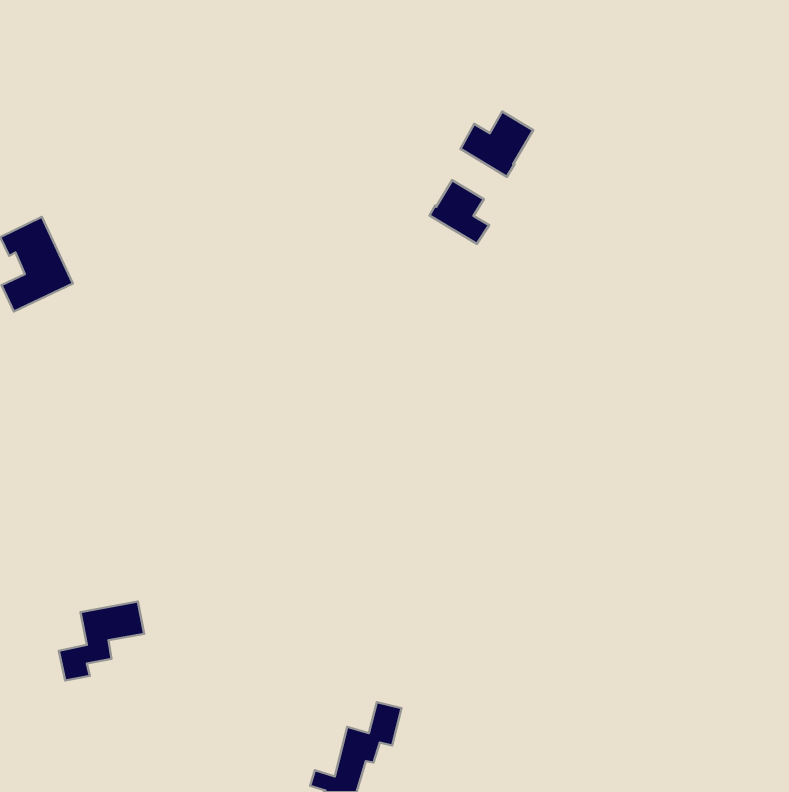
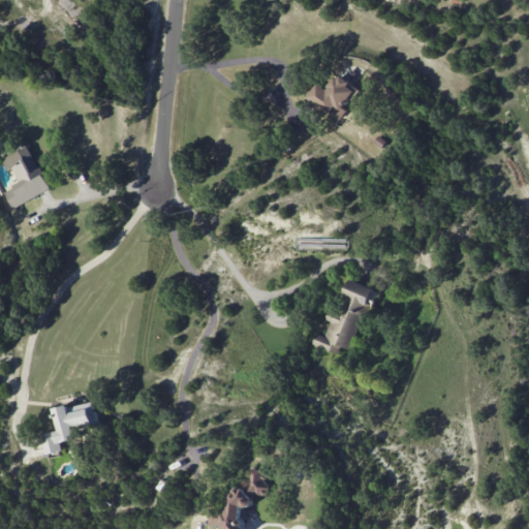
building: [430,180,489,244] -> none
building: none -> [311,281,372,353]

